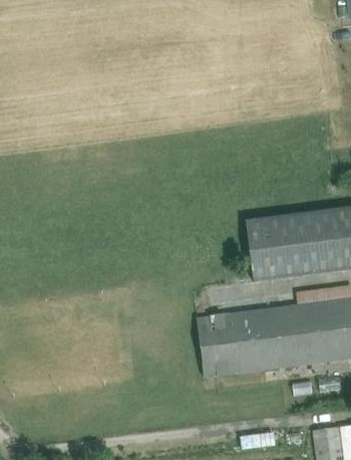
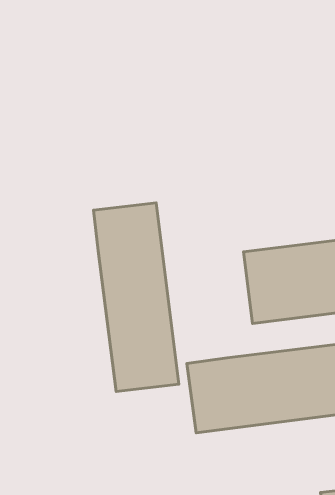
building: none -> [94,203,179,391]

